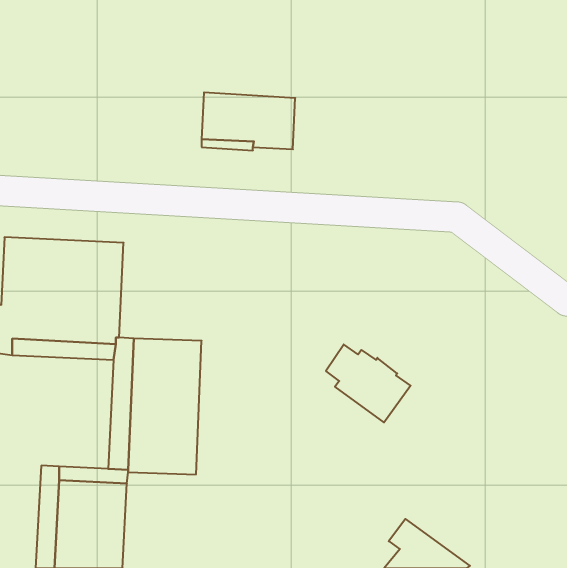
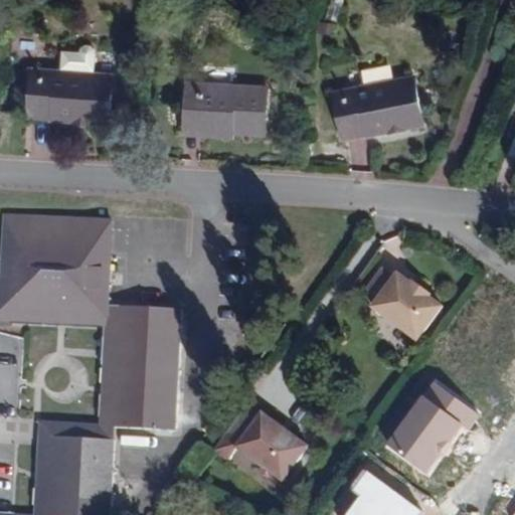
building: none -> [29,46,112,121]
building: none -> [333,79,420,140]
building: [326,344,411,422] -> [361,272,438,342]
building: none -> [383,380,477,475]
building: none -> [213,405,307,481]

